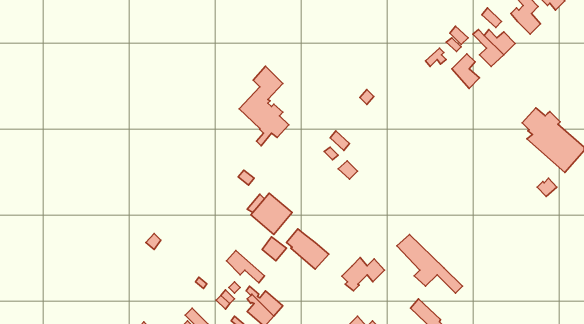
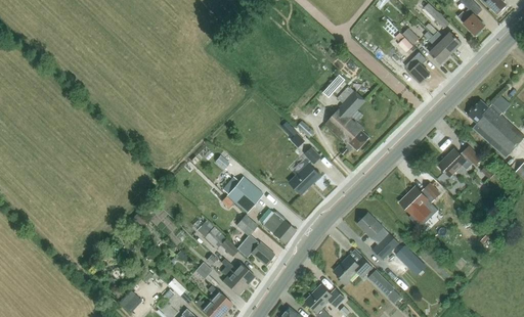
building: [239,66,289,146] -> [325,86,369,156]
building: none -> [437,146,481,177]
building: none -> [289,164,321,194]
building: none -> [398,183,439,215]
building: [342,258,384,291] -> [334,256,372,285]
building: none -> [239,236,274,266]

